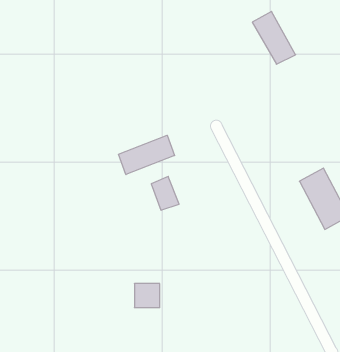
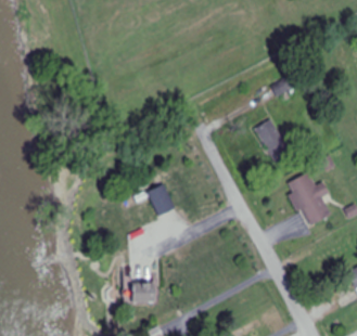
building: [252,11,296,64] -> [253,114,292,161]
building: [118,135,175,175] -> none

